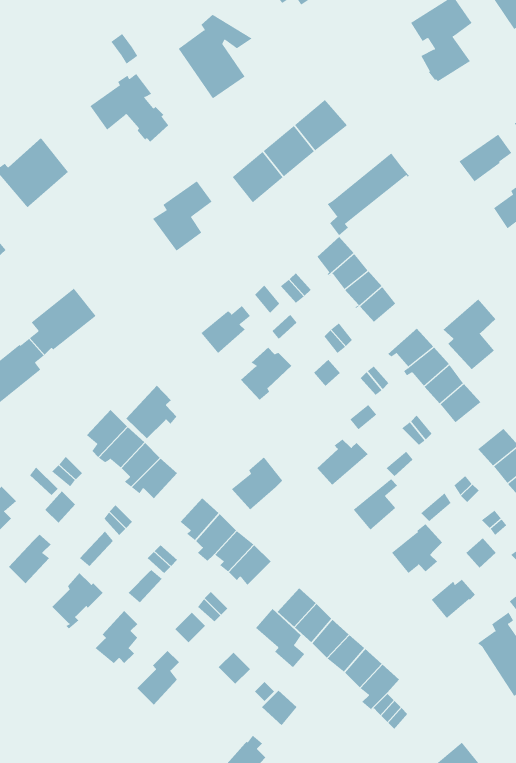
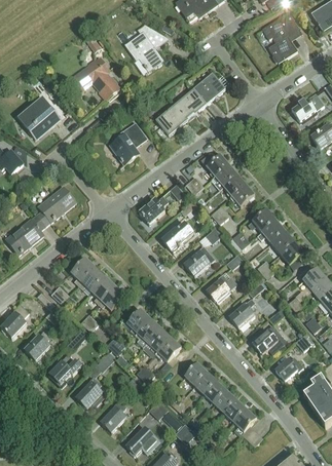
building: [327,152,410,236] -> none
building: [443,298,496,370] -> none
building: [126,385,177,439] -> none
building: [231,456,283,510] -> [183,243,214,275]
building: [255,608,305,668] -> none
building: none -> [124,426,157,455]

